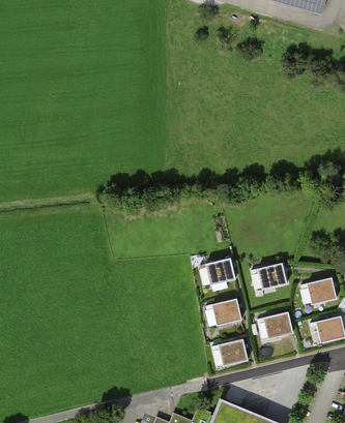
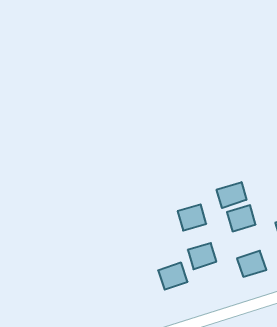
building: none -> [217,182,246,208]
building: [217,338,247,365] -> [158,263,188,290]

